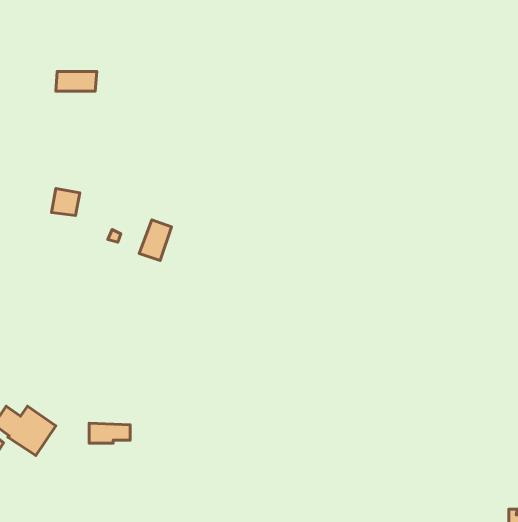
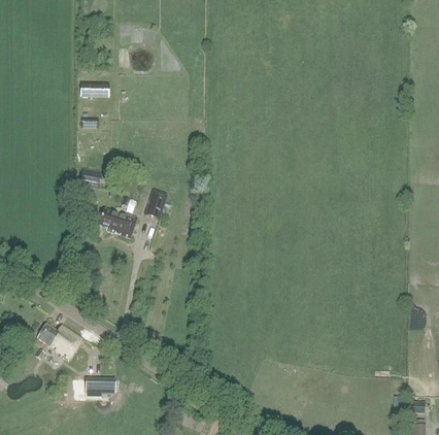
building: none -> [99,208,137,237]
building: [89,423,130,443] -> [85,379,114,394]

